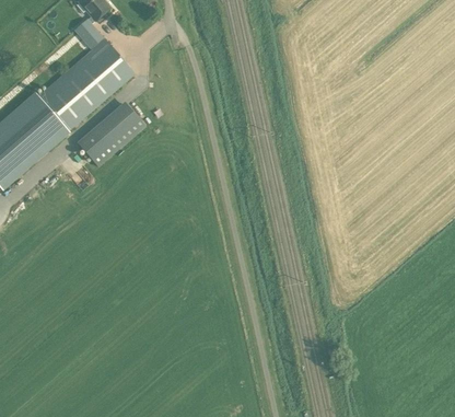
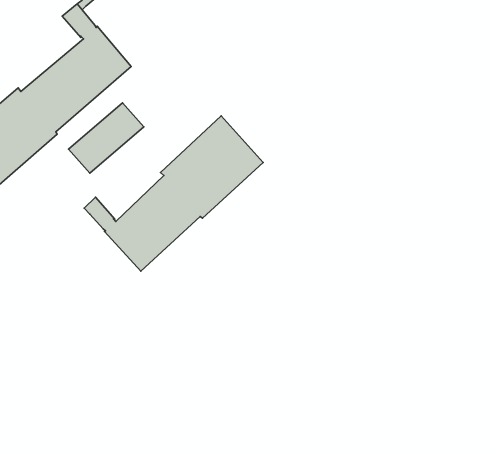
building: none -> [84,116,263,271]

